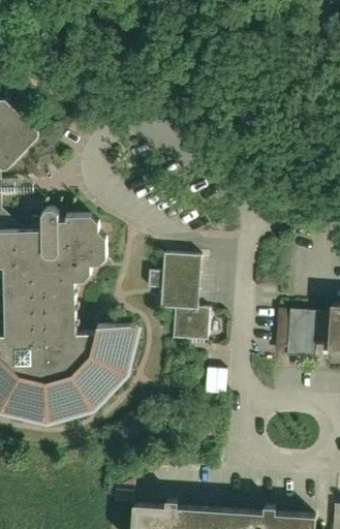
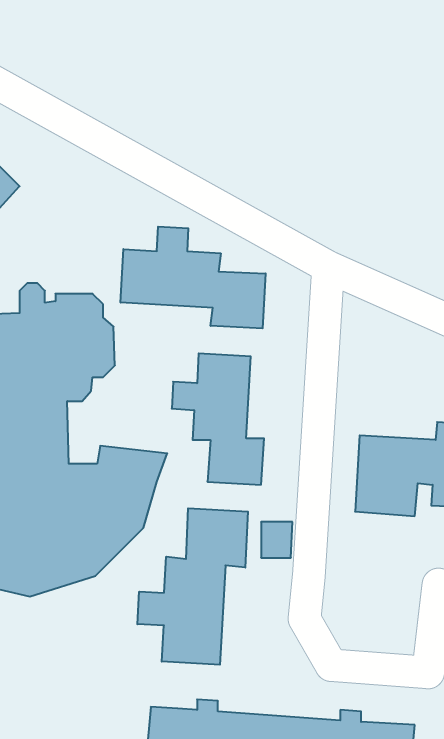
building: none -> [121,227,266,328]
building: none -> [137,508,248,665]

